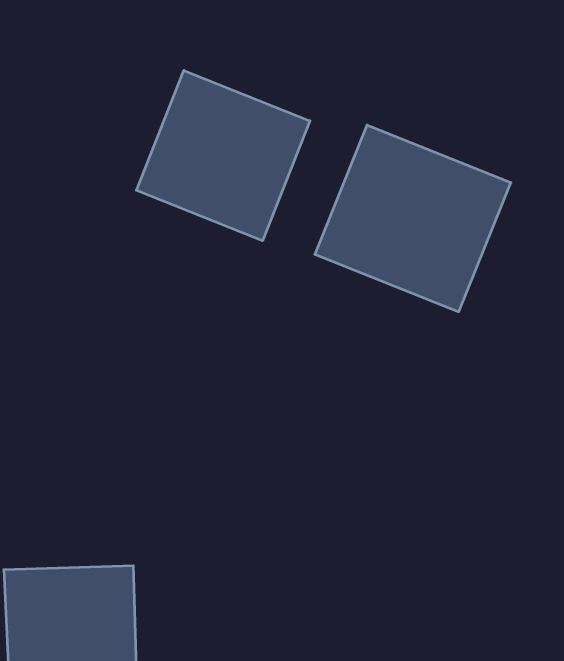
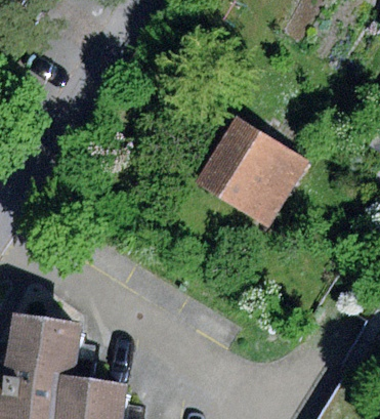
building: [136,70,310,241] -> none

